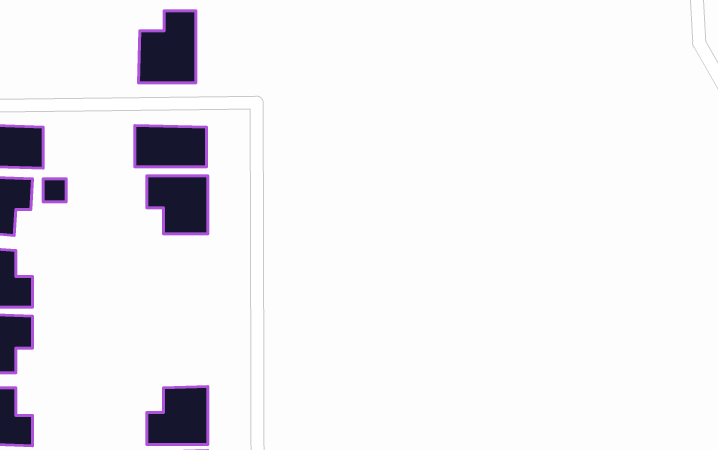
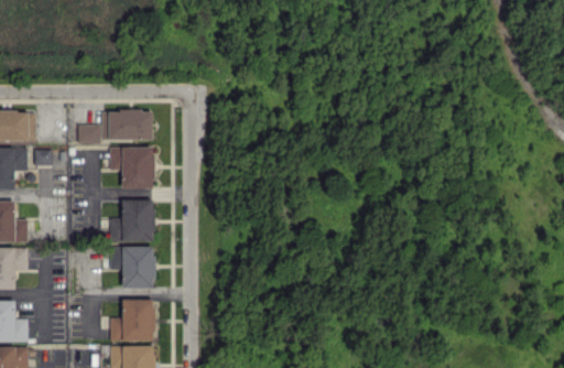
building: [138,11,196,83] -> none
building: none -> [77,125,100,144]
building: none -> [108,201,153,242]
building: none -> [110,247,153,290]

